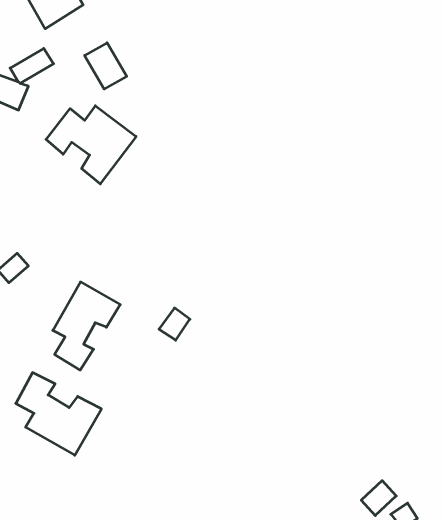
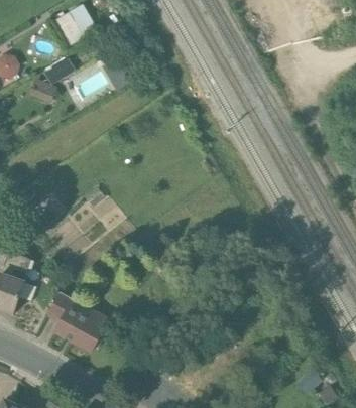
building: [46,106,136,184] -> none
building: [53,282,120,370] -> none

